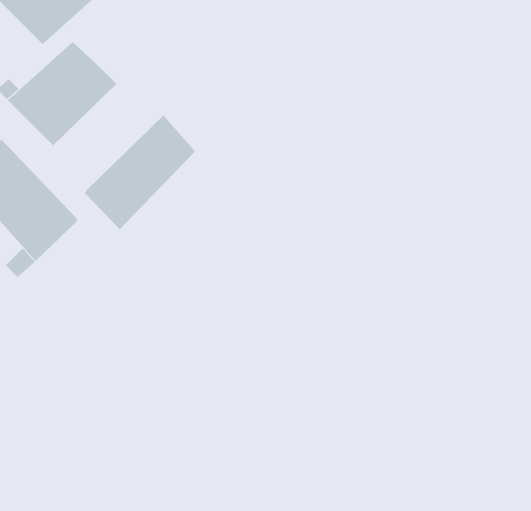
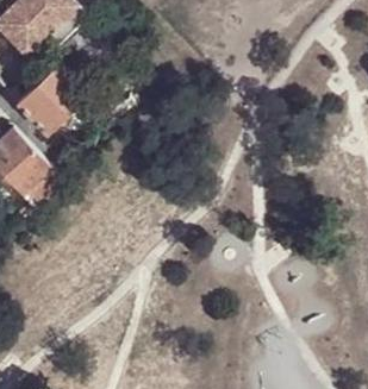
building: [84,115,196,230] -> none

